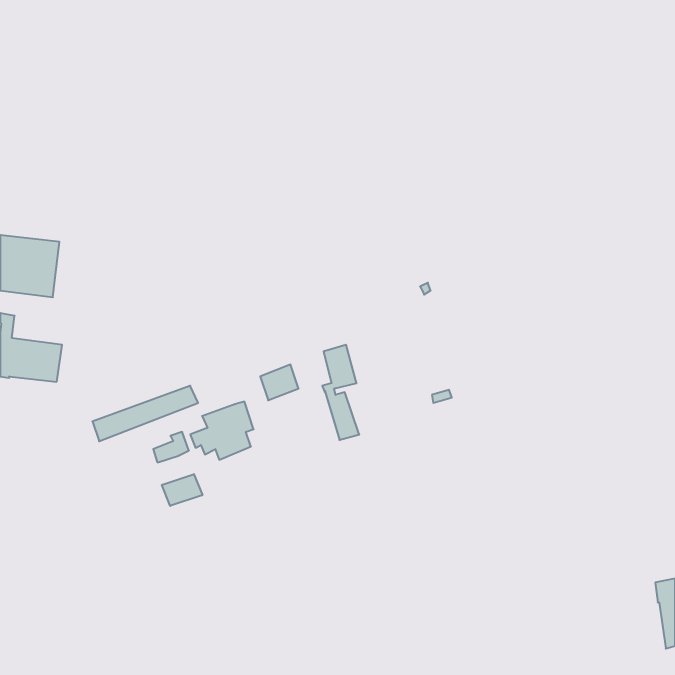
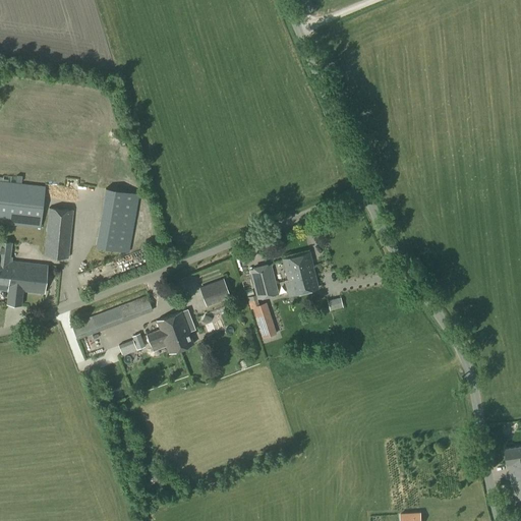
building: none -> [95,189,139,252]
building: none -> [43,208,73,258]
building: none -> [283,252,319,295]
building: [162,474,202,506] -> none

